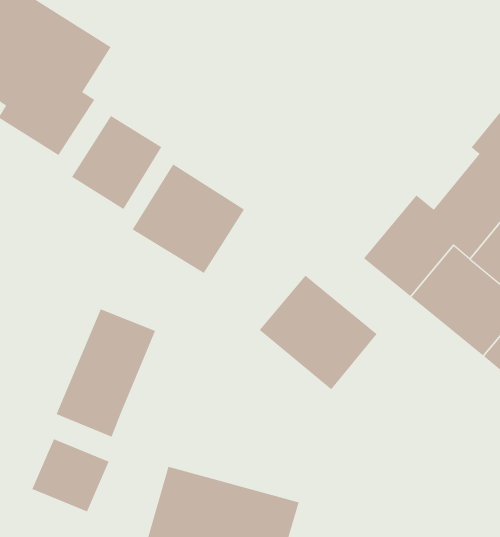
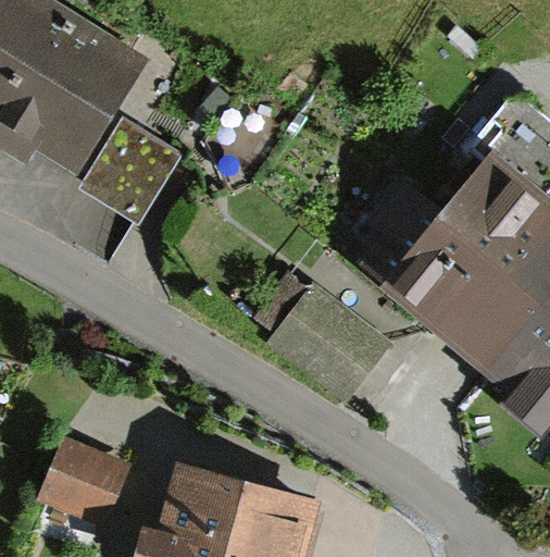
building: [132,164,245,274] -> none
building: [56,308,156,438] -> none

